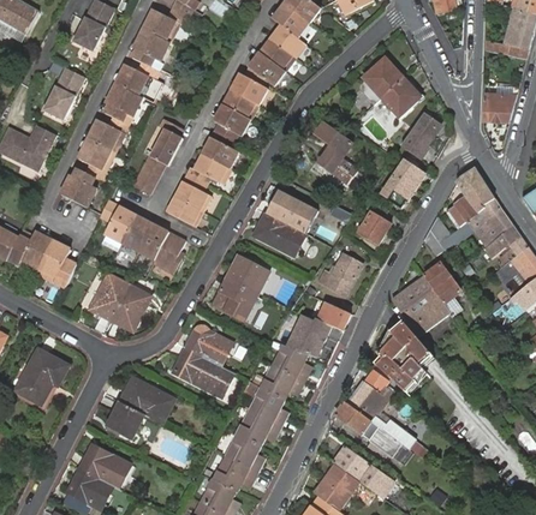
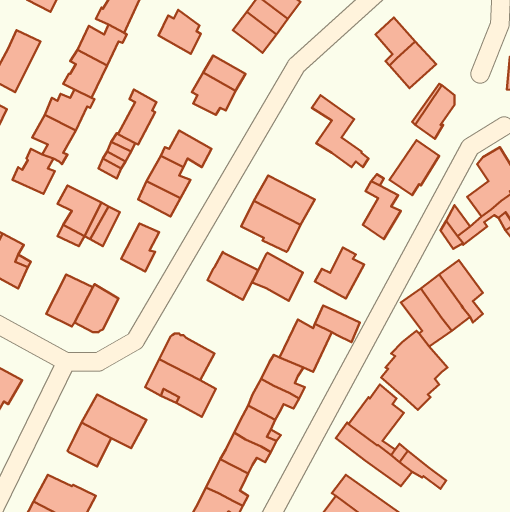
building: [231,67,267,104] -> [158,10,201,54]
building: [202,130,239,168] -> none
building: [137,222,168,259] -> none
building: [213,280,256,321] -> [252,253,303,301]

